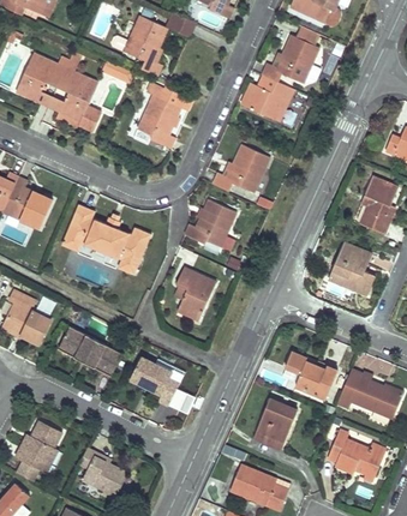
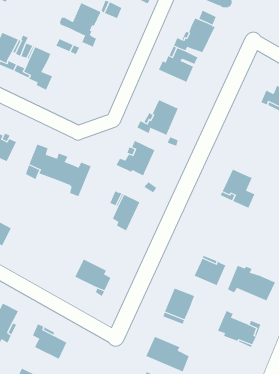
building: [139,83,193,150] -> none
building: [352,173,395,229] -> none
building: [54,324,120,374] -> none

